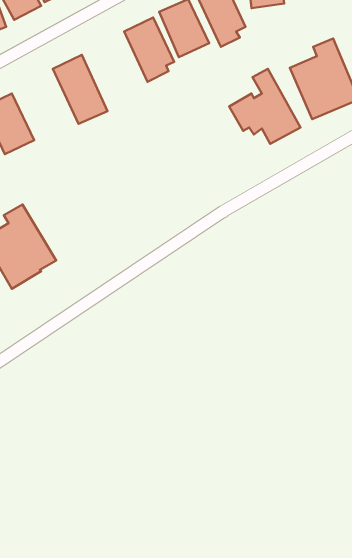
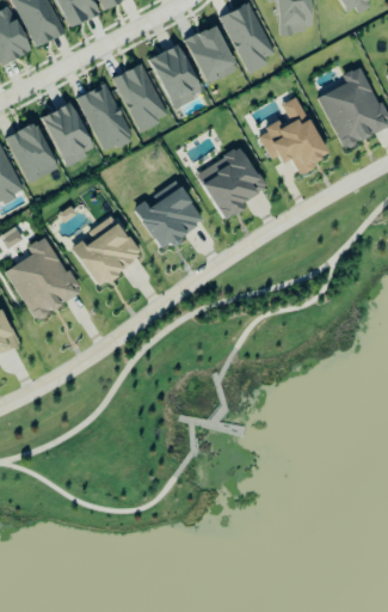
building: none -> [112,62,167,130]
building: none -> [41,102,94,165]
building: none -> [196,146,264,220]
building: none -> [133,180,203,250]
building: none -> [70,214,141,286]

